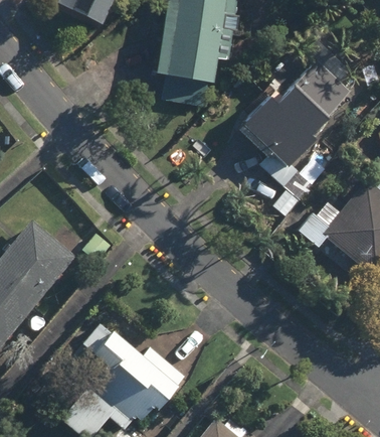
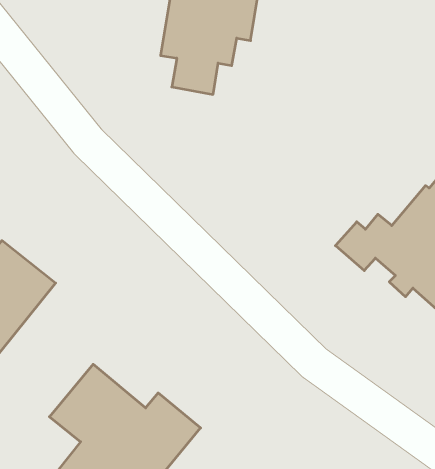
building: [239,36,365,215] -> none

